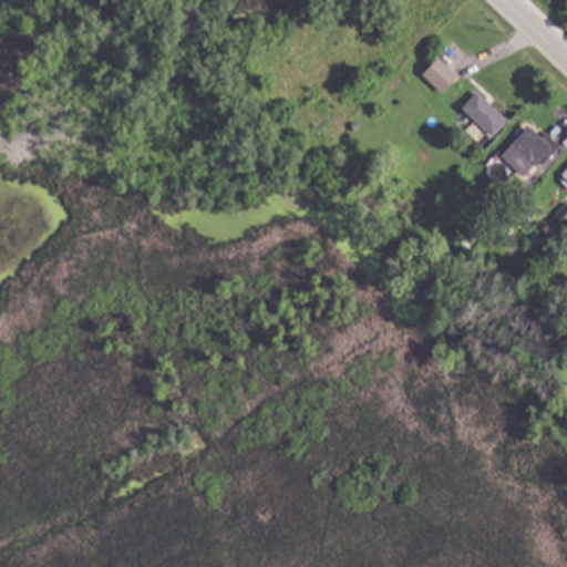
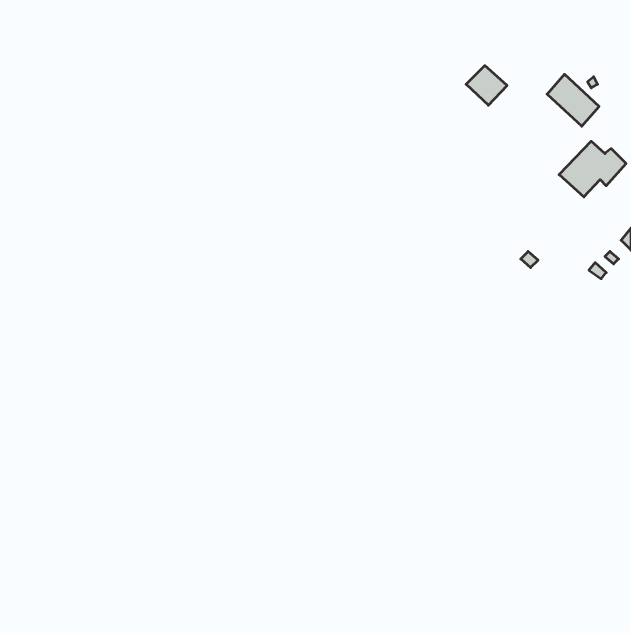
building: [461,91,507,137] -> [547,74,599,126]

